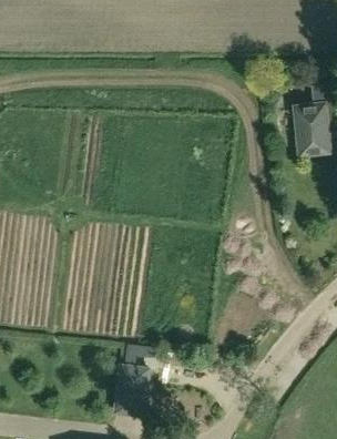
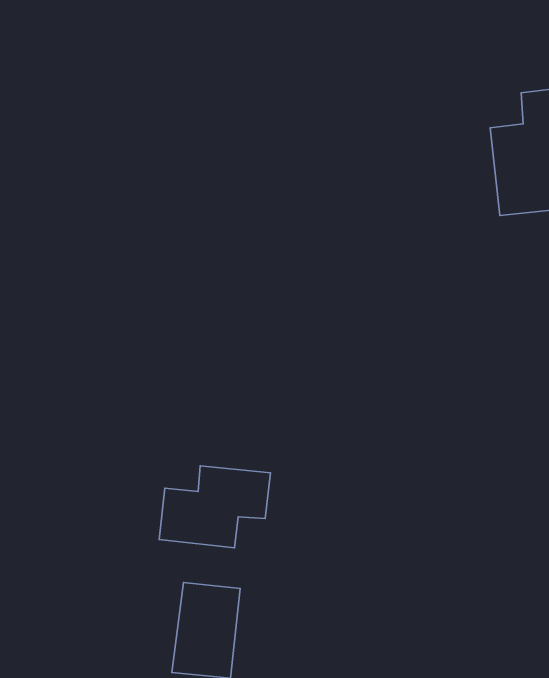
building: none -> [159,466,271,548]

